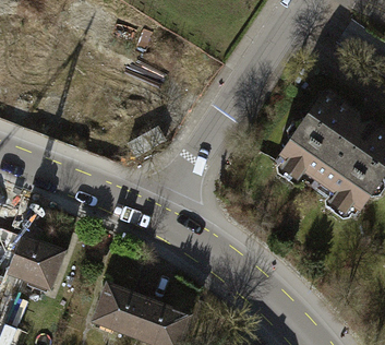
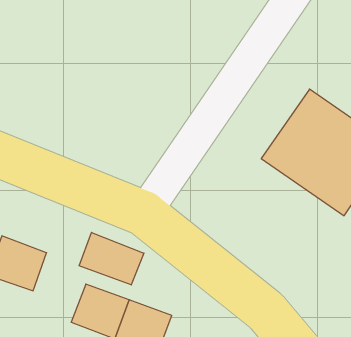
building: none -> [79,232,144,285]

